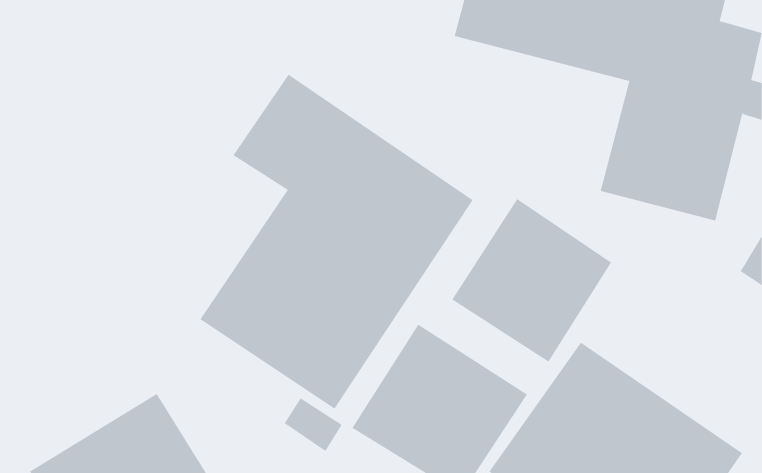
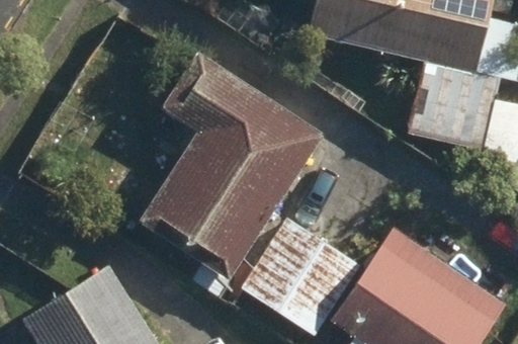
building: [451,198,612,362] -> none

